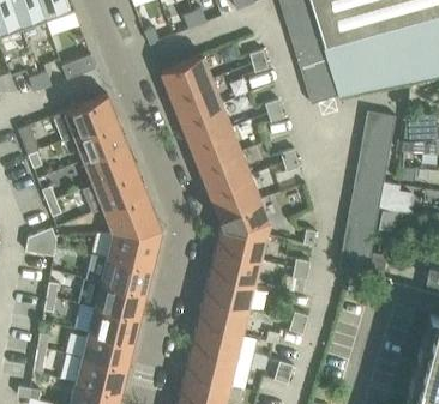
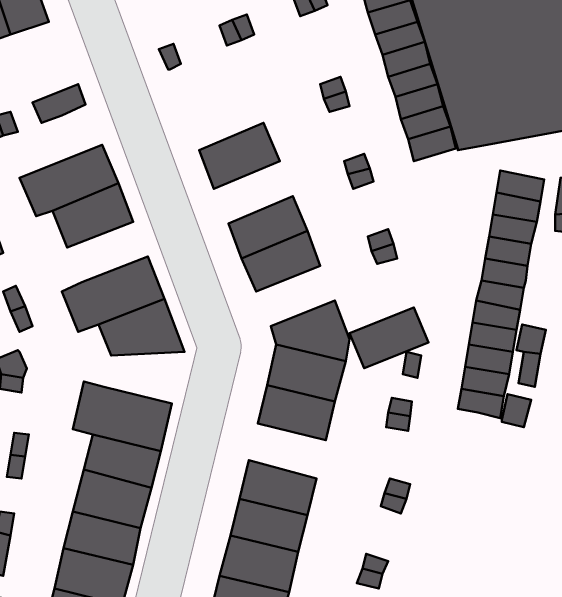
building: [160,55,212,98] -> none
building: [180,105,231,146] -> none
building: [84,145,137,185] -> none
building: [208,174,259,213] -> [350,308,428,368]
building: [108,230,161,264] -> none
building: [203,277,253,313] -> none

